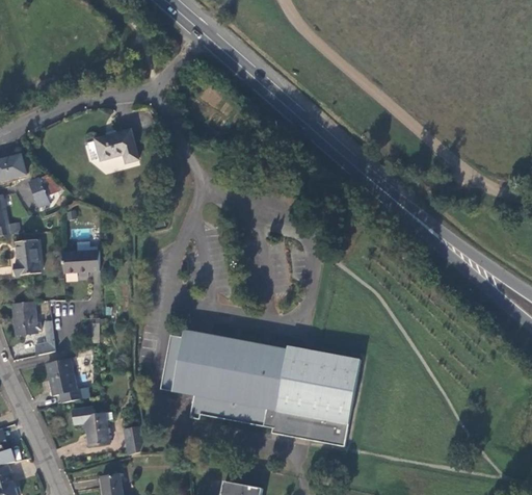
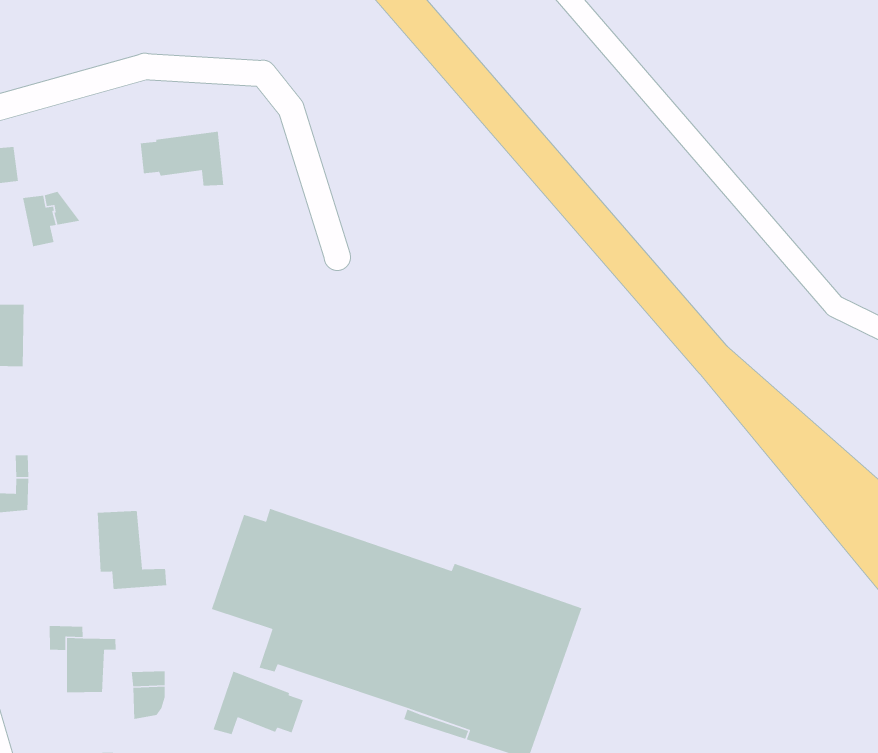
building: [60,250,97,276] -> none
building: [46,358,89,402] -> [97,510,167,590]
building: none -> [212,671,304,735]

